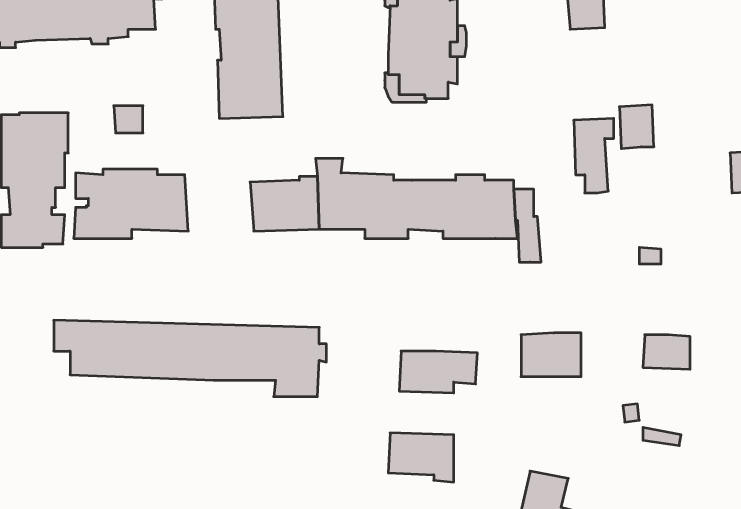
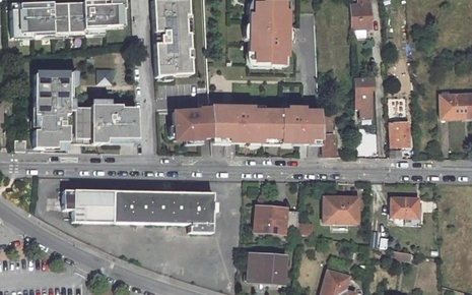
building: [619,105,654,149] -> [390,121,409,145]

